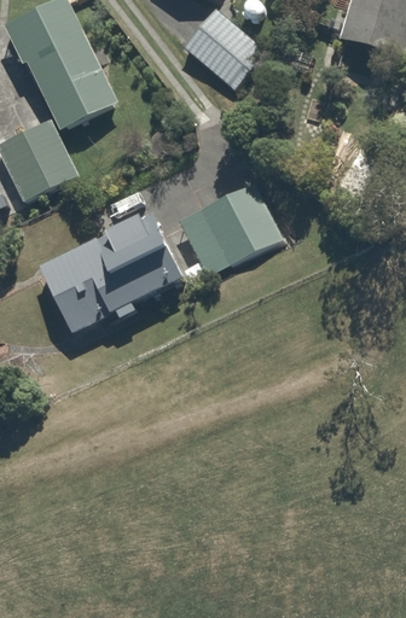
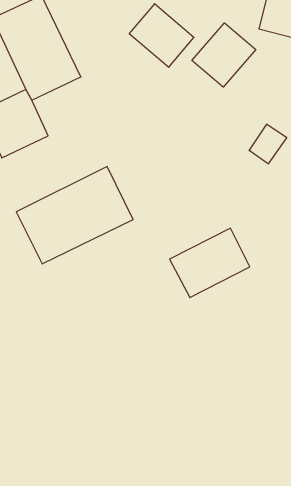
building: none -> [192,23,256,87]
building: [181,185,282,272] -> [170,228,250,298]

